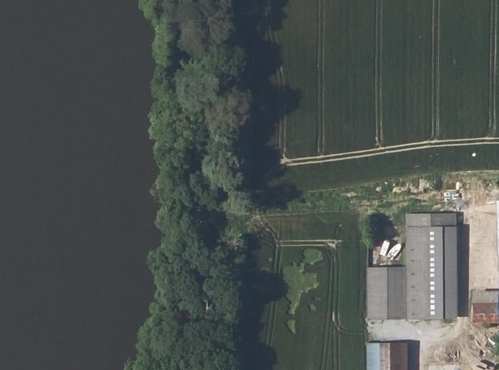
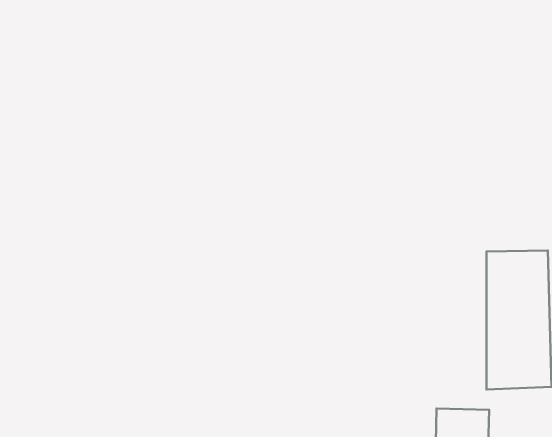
building: [366,267,405,320] -> none

